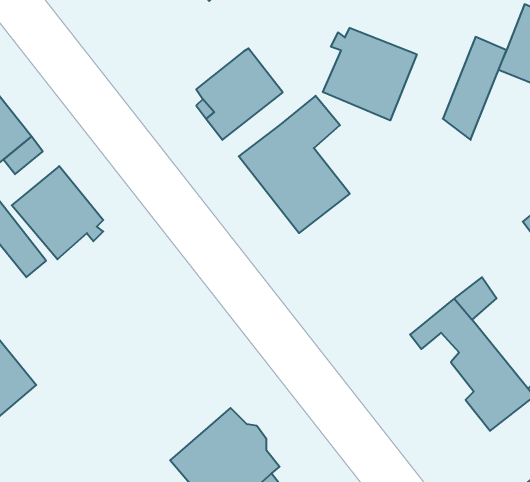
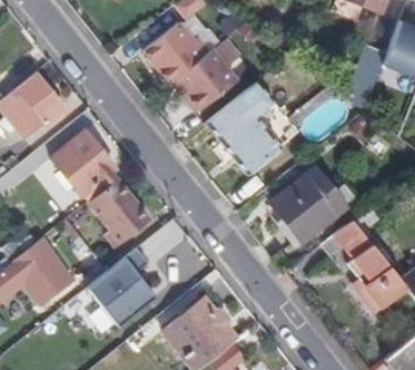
building: none -> [145,21,210,84]
building: [323,28,417,120] -> none
building: none -> [273,169,347,242]
building: none -> [92,177,149,246]
building: none -> [87,247,152,322]

